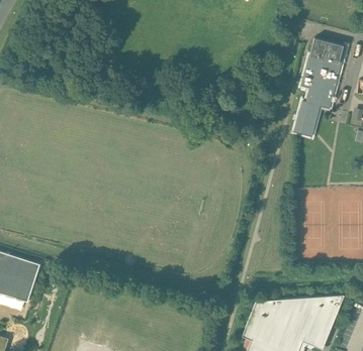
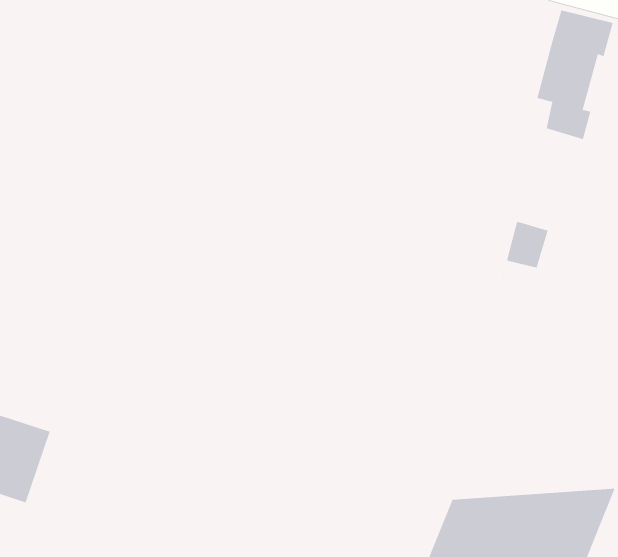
building: [295,102,321,133] -> [501,221,548,280]

